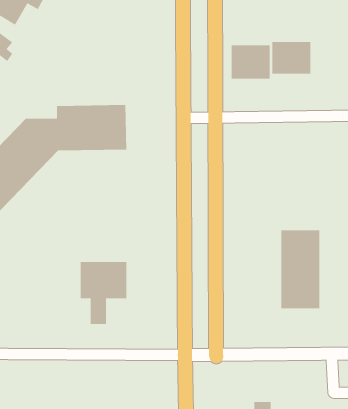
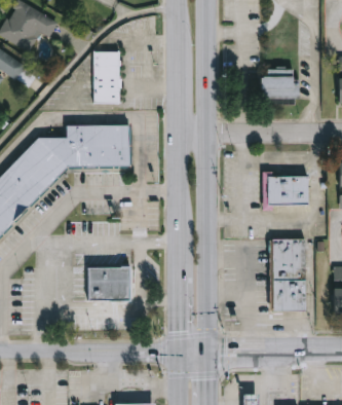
building: none -> [92,52,118,102]
building: [231,44,270,79] -> none
building: none -> [266,176,307,206]

